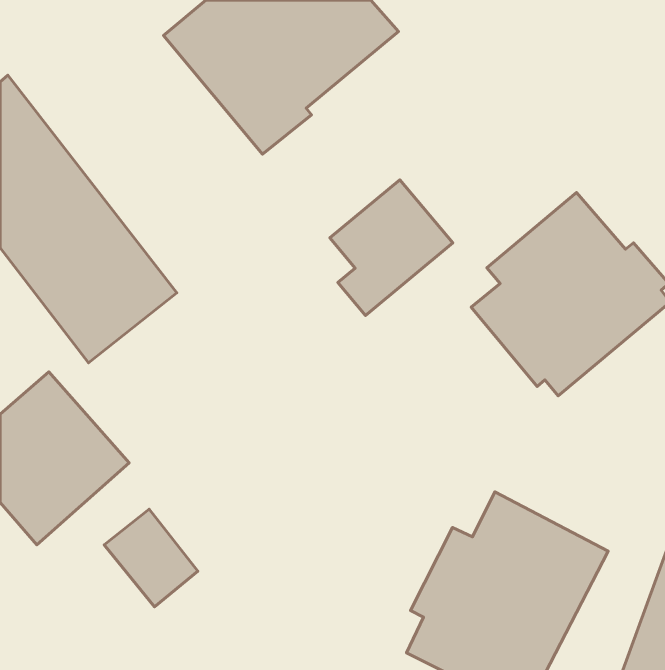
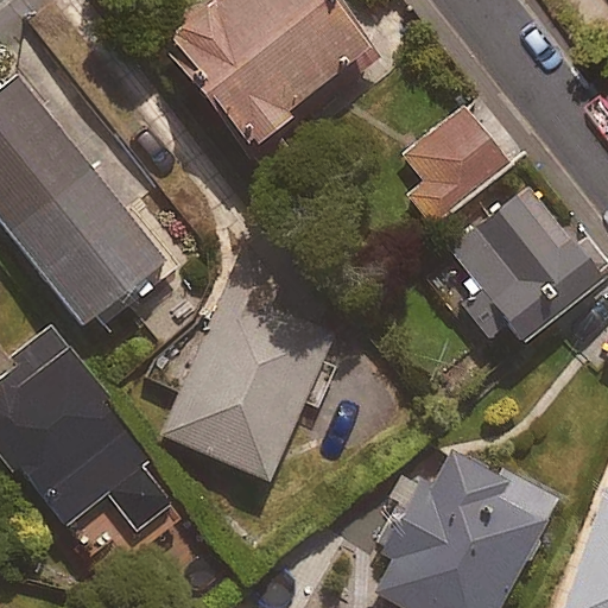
building: [330,180,453,316] -> [404,103,514,226]
building: none -> [165,287,340,479]

